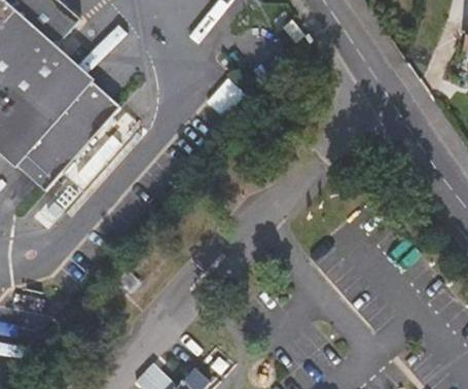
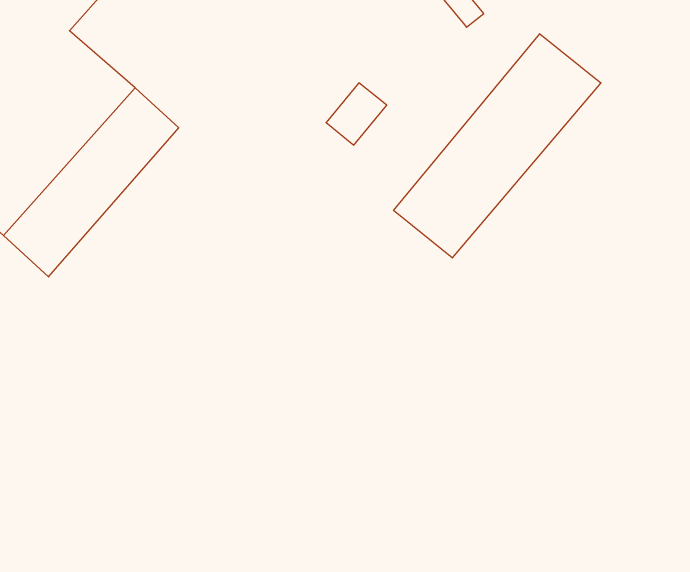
building: none -> [394,34,601,258]

